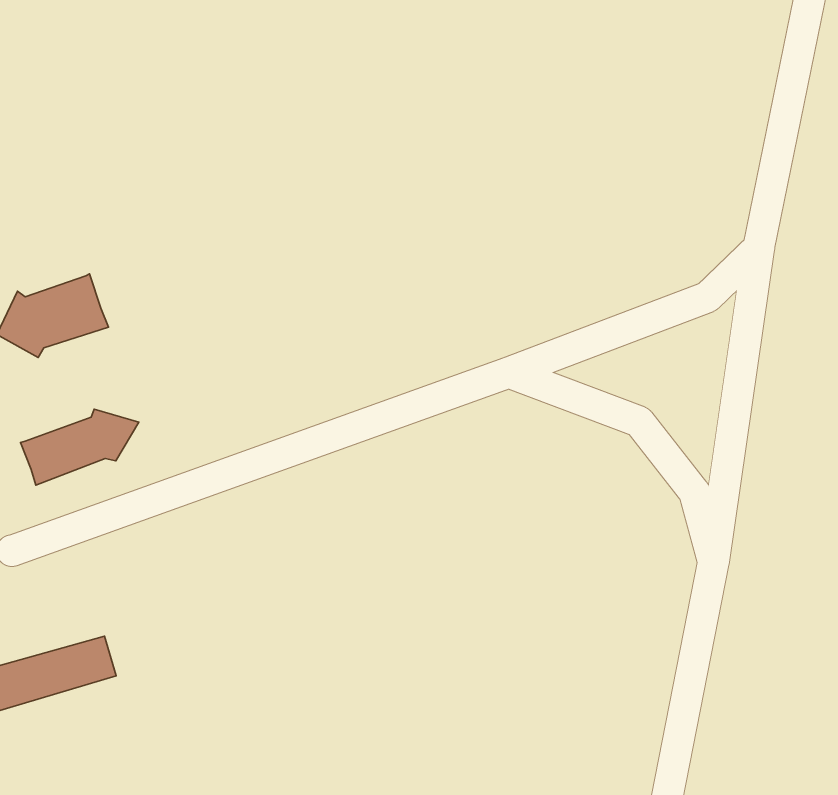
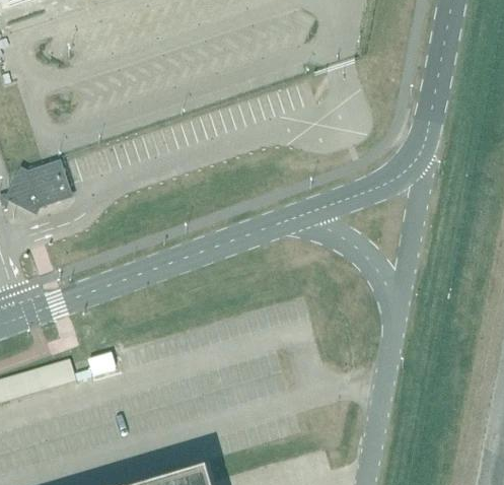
building: [21,409,139,485] -> none

